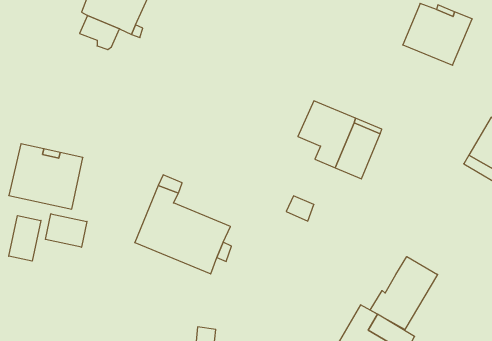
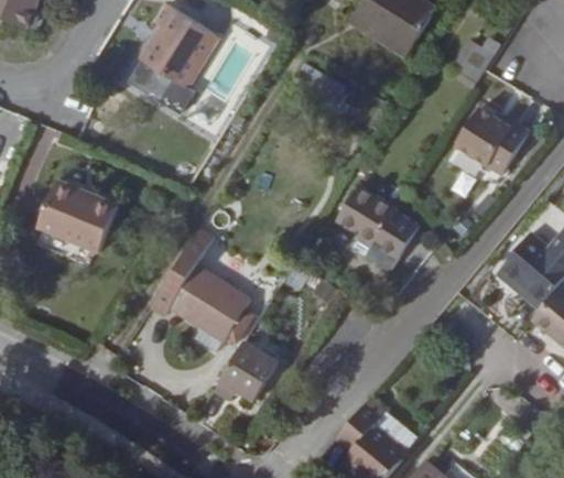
building: [45,214,87,247] -> none
building: [9,216,41,261] -> none
building: [370,257,438,329] -> none
building: none -> [212,339,280,401]

